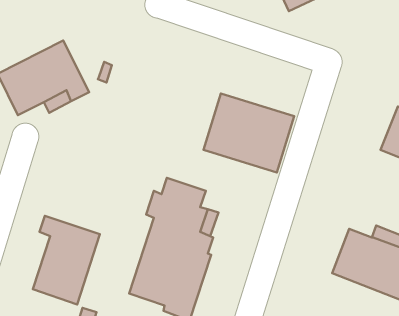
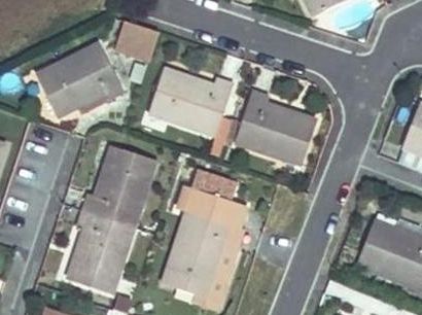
building: none -> [114,20,159,61]
building: none -> [147,69,233,136]
building: none -> [81,146,156,226]

